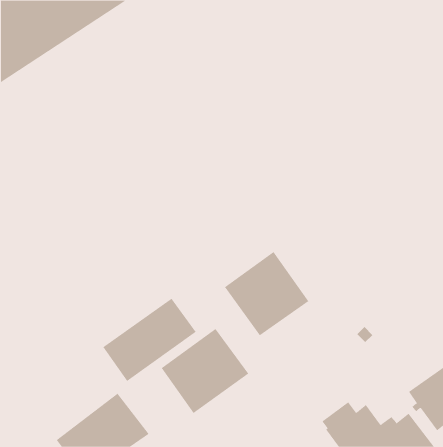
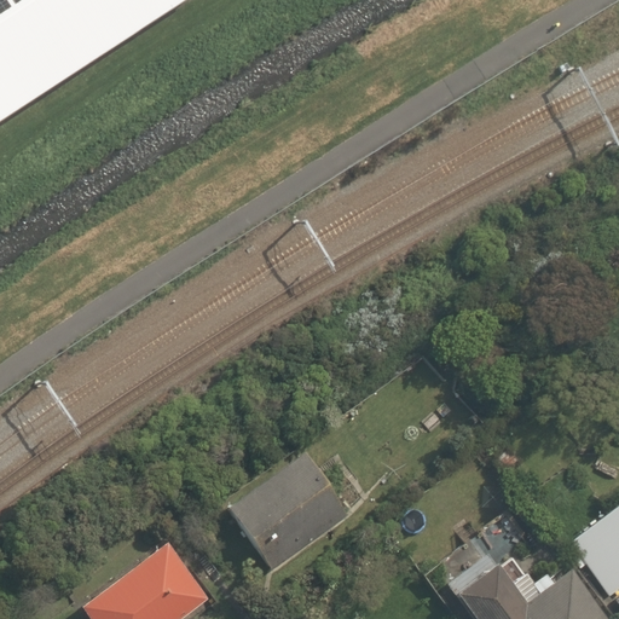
building: [224,251,309,336] -> none
building: [103,298,196,382] -> none

